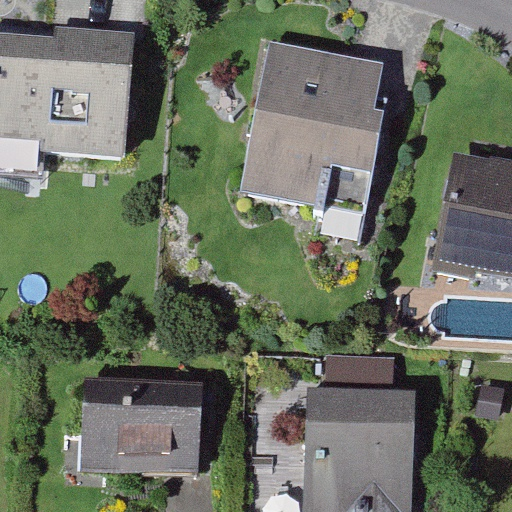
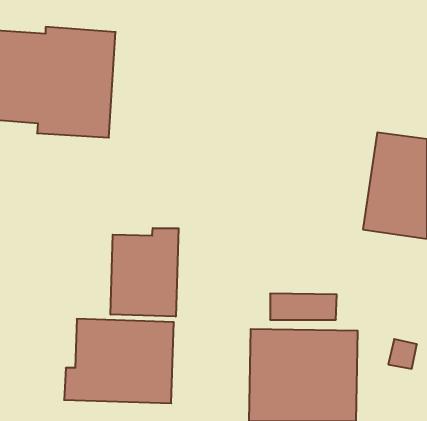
building: [239,39,386,210] -> none
building: none -> [111,228,179,317]

